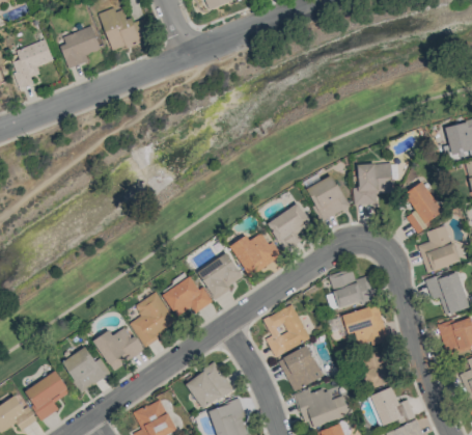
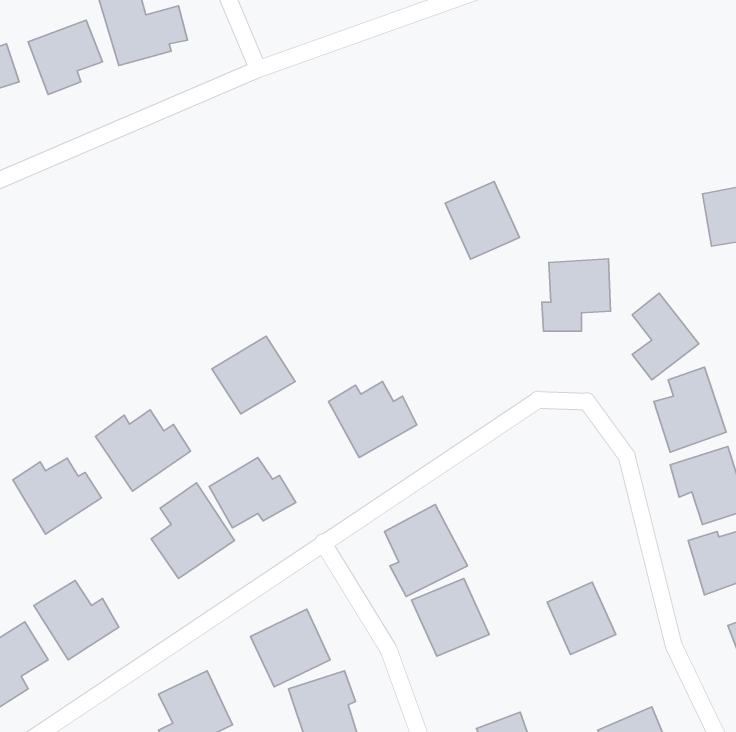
building: [305,174,348,219] -> [445,181,519,259]
building: [267,203,311,251] -> none
building: none -> [95,410,190,491]
building: [196,252,244,297] -> [212,336,295,414]
building: [327,268,376,310] -> none
building: [341,305,387,348] -> none
building: [93,327,144,371] -> [13,458,102,534]
building: [370,386,415,426] -> none
building: [296,388,350,428] -> none

